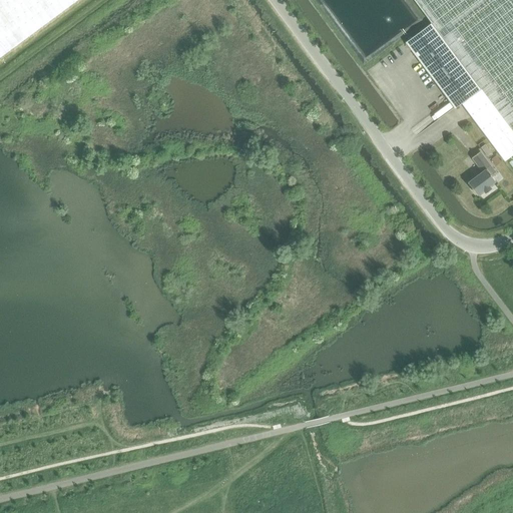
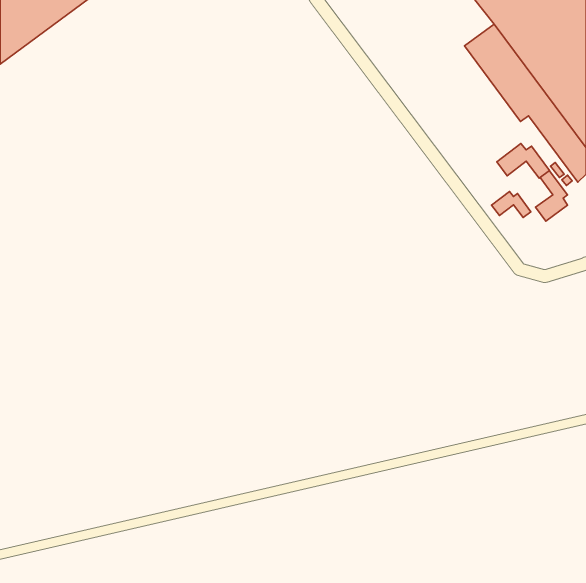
building: none -> [497,144,549,178]
building: none -> [492,192,531,218]

